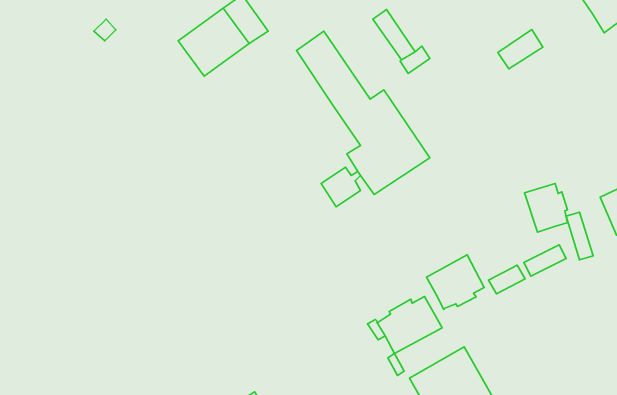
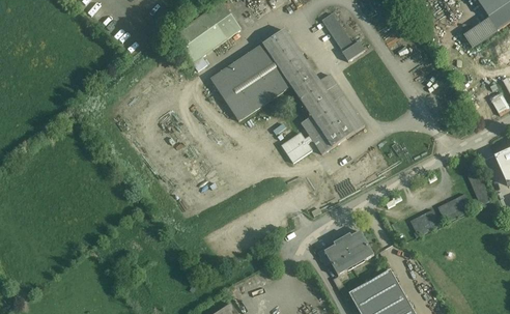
building: [498,29,543,69] -> [463,17,498,47]
building: none -> [210,44,291,120]
building: [524,183,568,232] -> none
building: [427,255,484,310] -> none

